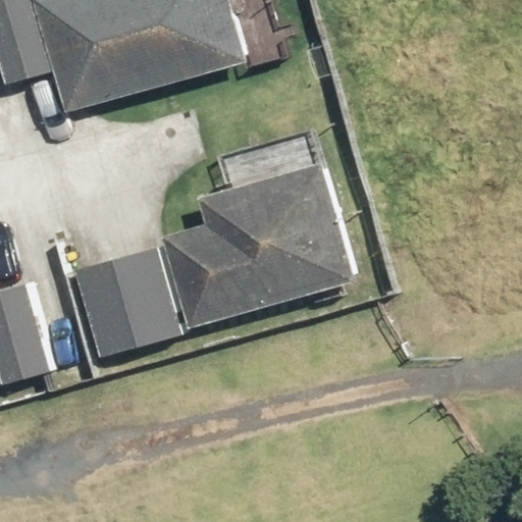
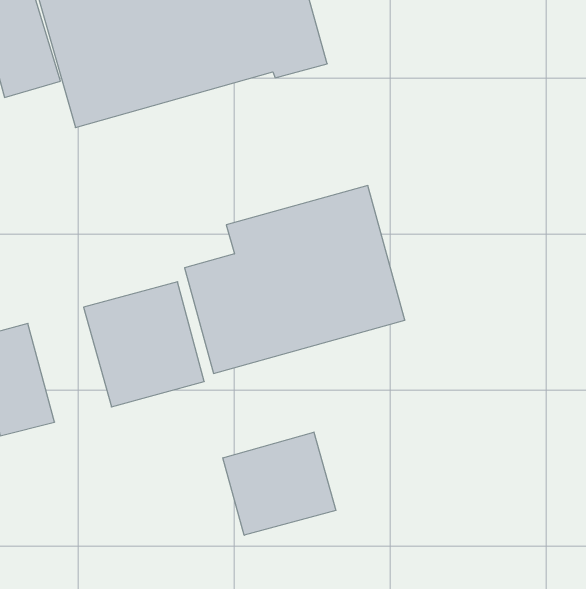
building: none -> [223,432,336,535]

